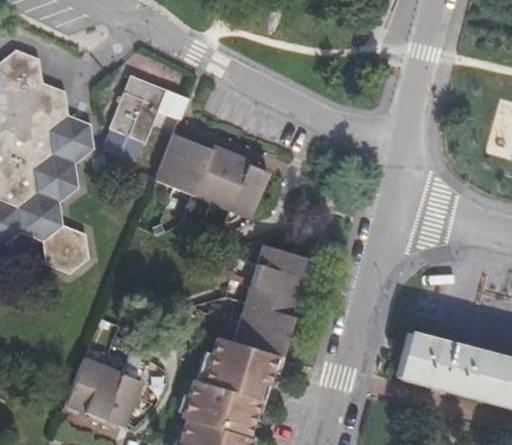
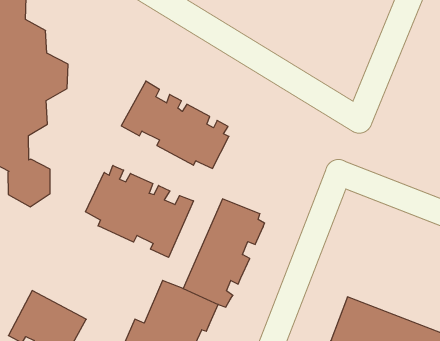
building: [108,77,186,152] -> none
building: none -> [86,165,193,257]

